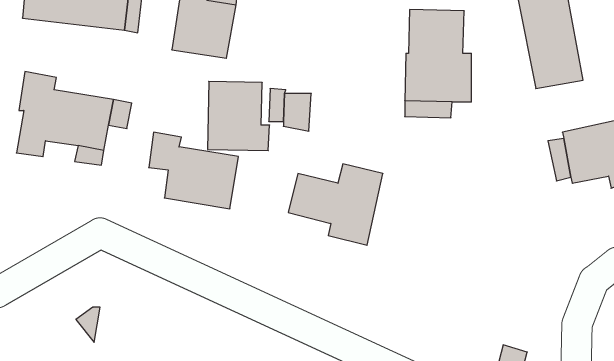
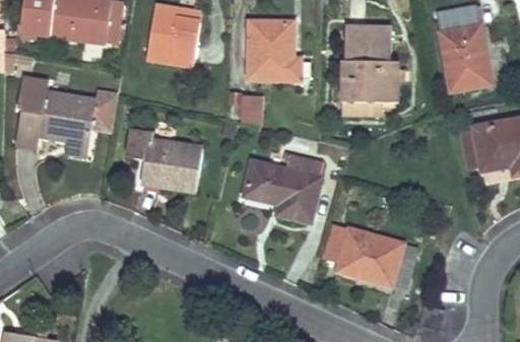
building: [208,81,270,151] -> [248,21,300,79]
building: none -> [323,224,417,290]

